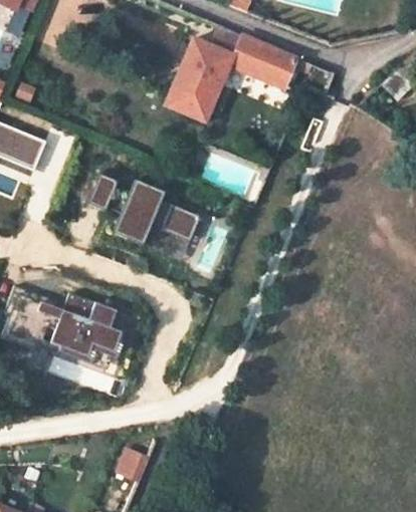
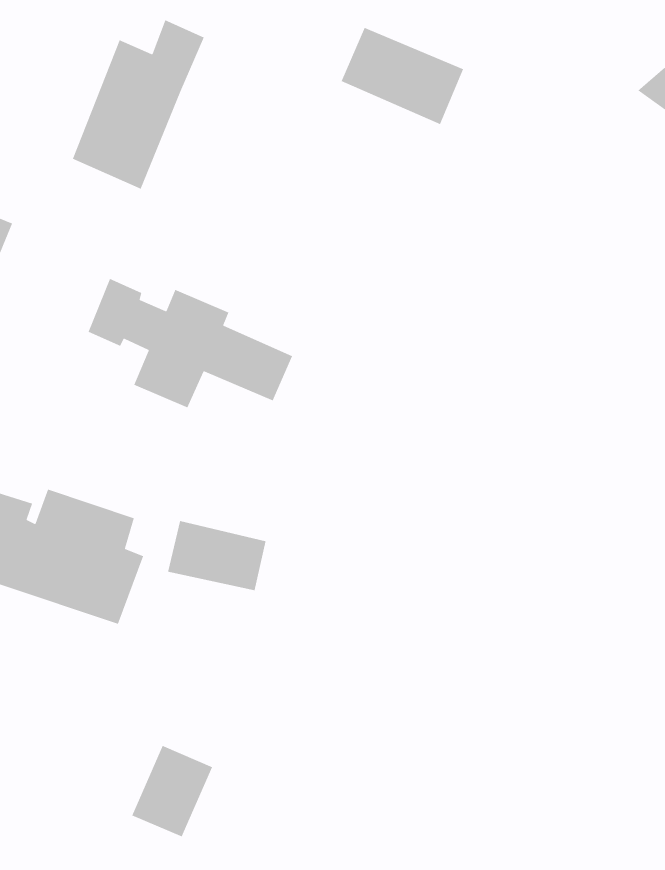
building: [169,25,242,119] -> [72,19,205,190]
building: none -> [167,520,267,591]

